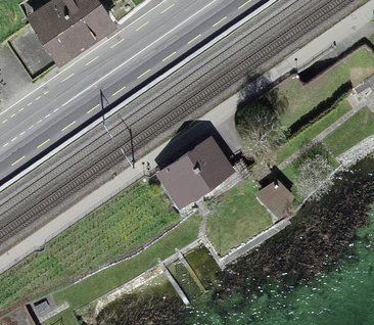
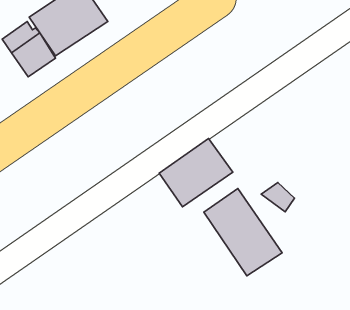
building: none -> [204,189,282,276]

